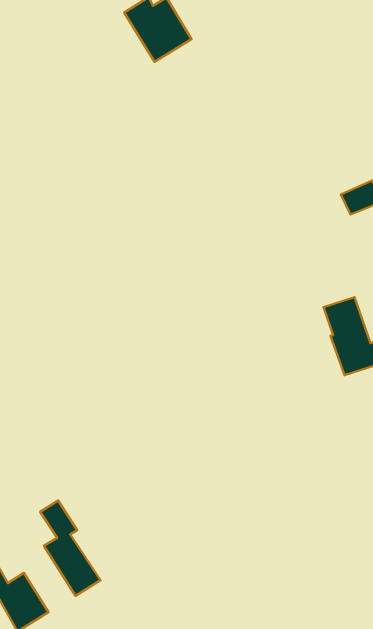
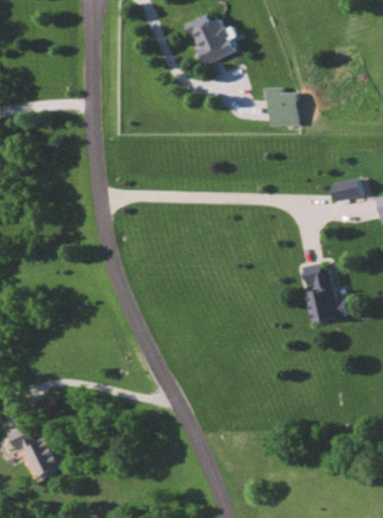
building: none -> [261,88,296,127]
building: [40,501,100,596] -> none

